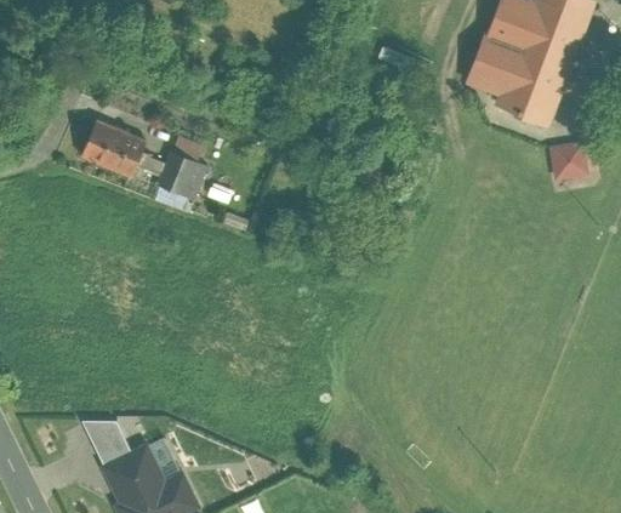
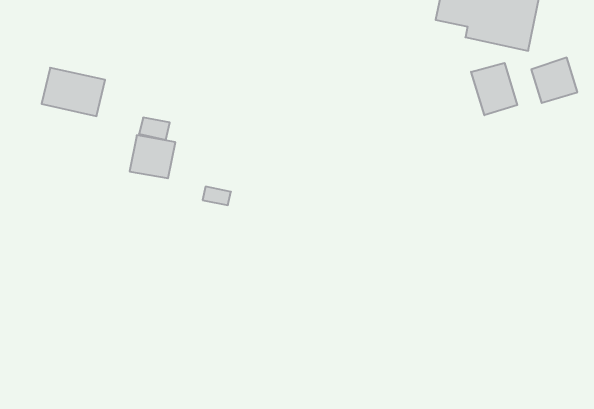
building: [79,125,142,177] -> [42,68,105,116]
building: none -> [471,63,517,115]

